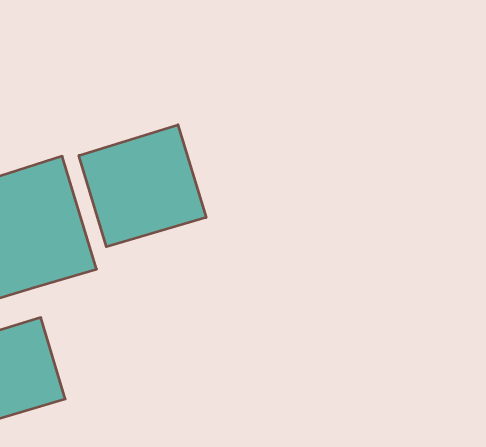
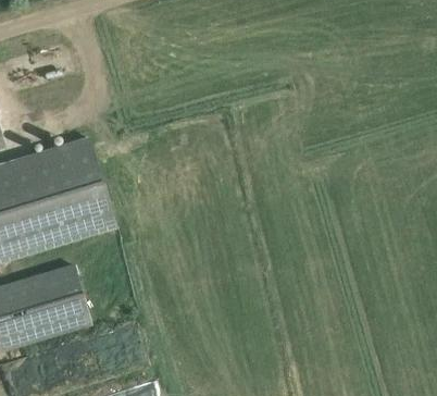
building: [79,125,206,247] -> none

